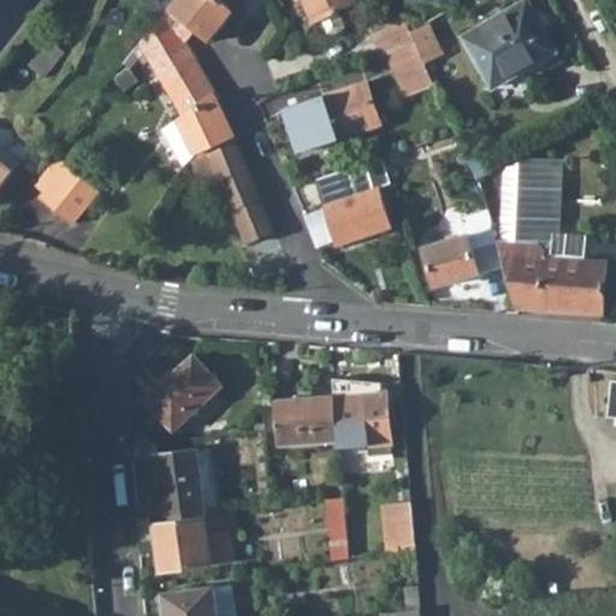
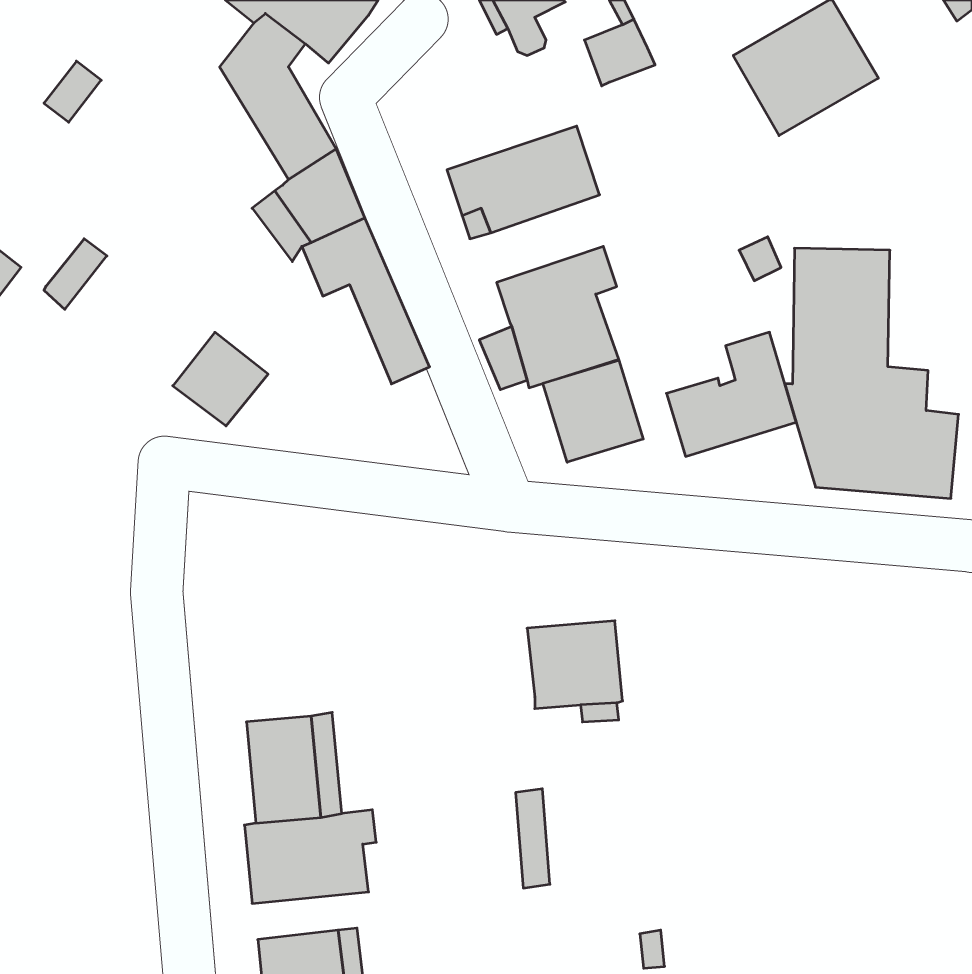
building: [384,42,433,96] -> none
building: [41,162,101,221] -> [173,332,268,426]
building: none -> [543,360,643,462]
building: [142,355,221,432] -> none
building: [273,397,337,445] -> none
building: [381,503,414,555] -> none

